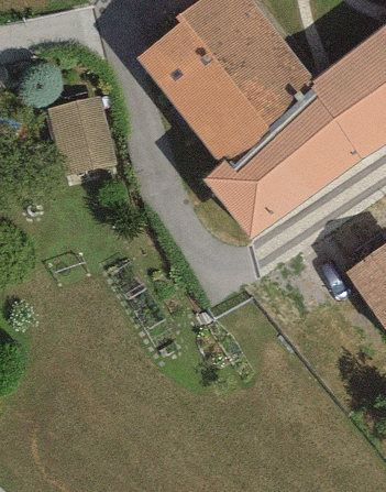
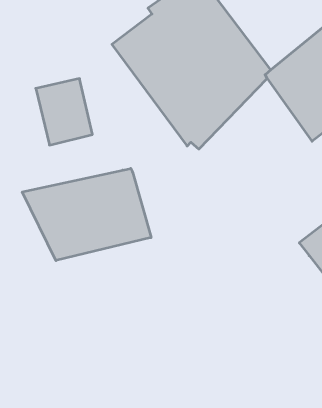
building: [206,91,361,240] -> none
building: none -> [22,168,151,261]

